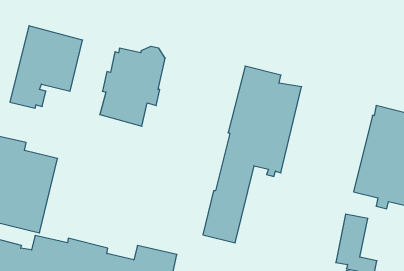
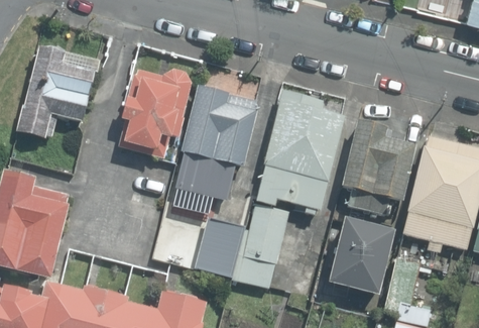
building: none -> [176,84,258,203]
building: none -> [341,121,414,215]
building: none -> [195,217,245,276]
building: none -> [326,219,392,296]

